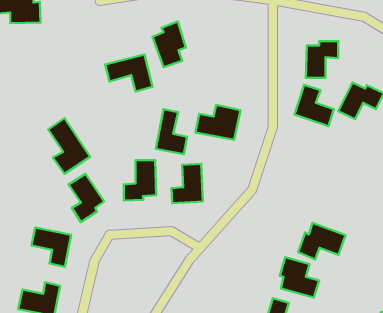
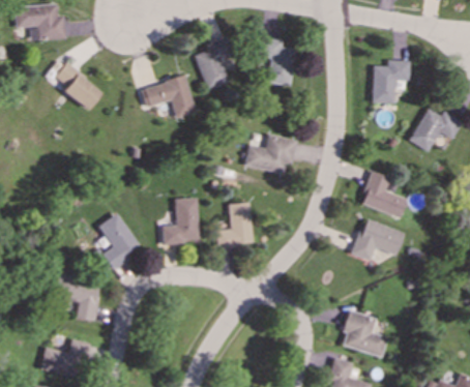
building: none -> [258,38,294,86]
building: none -> [52,63,104,110]
building: [294,85,334,126] -> [360,171,406,218]
building: [156,109,187,154] -> none
building: [48,118,90,174] -> none
building: [298,223,346,259] -> [350,219,405,262]

